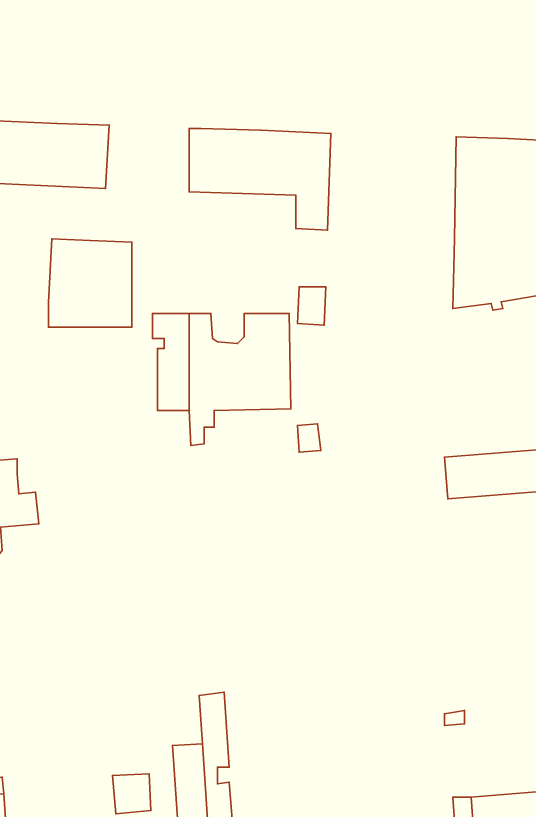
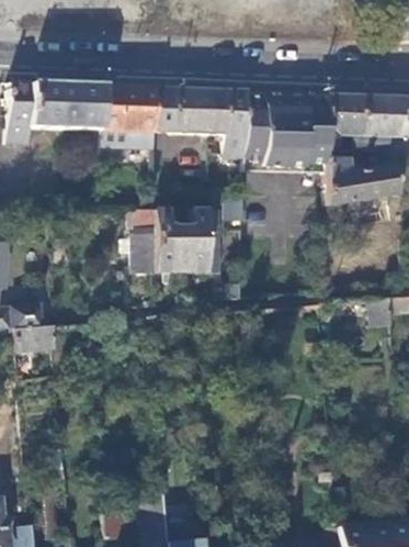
building: none -> [246,91,330,165]
building: [49,239,132,327] -> [100,86,155,144]

